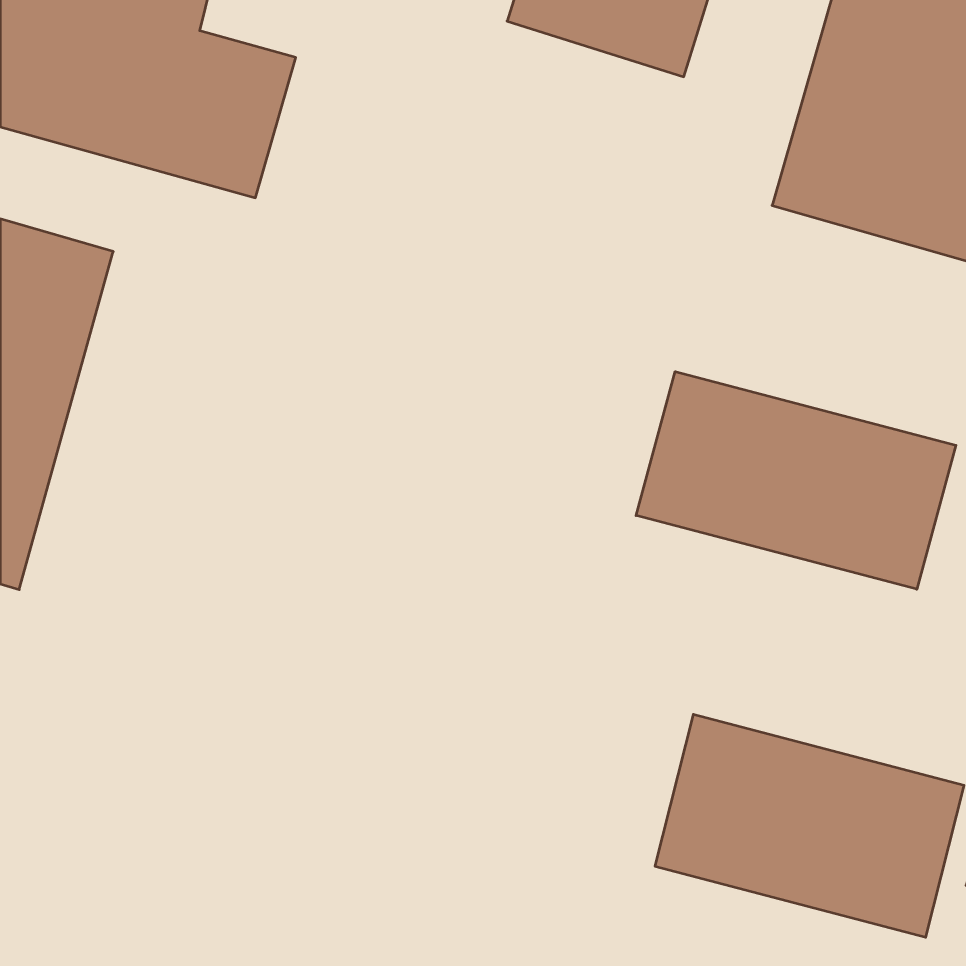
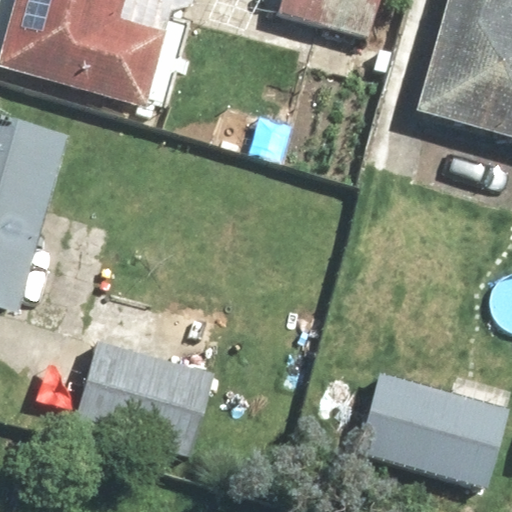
building: [636,372,956,589] -> none
building: none -> [72,343,215,459]

